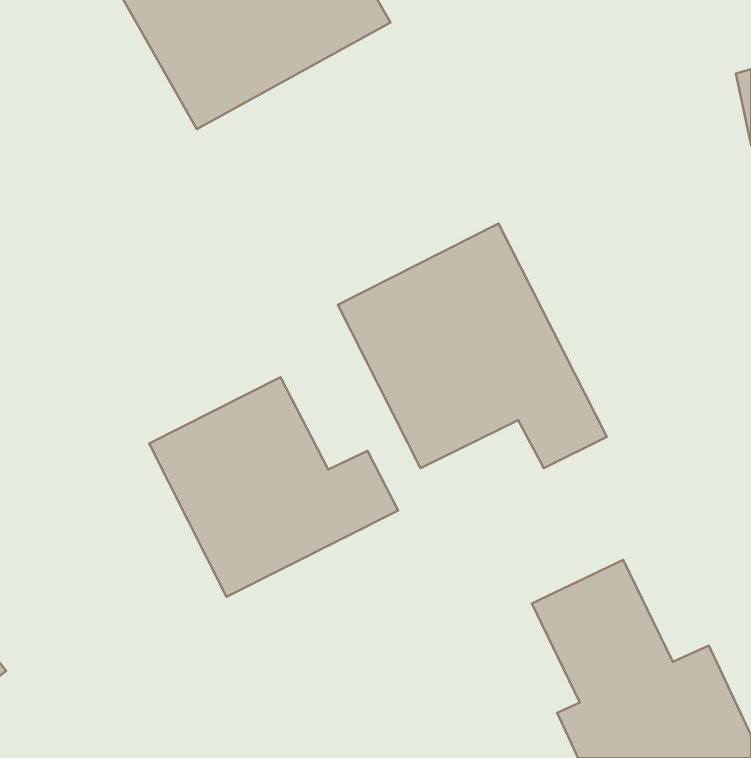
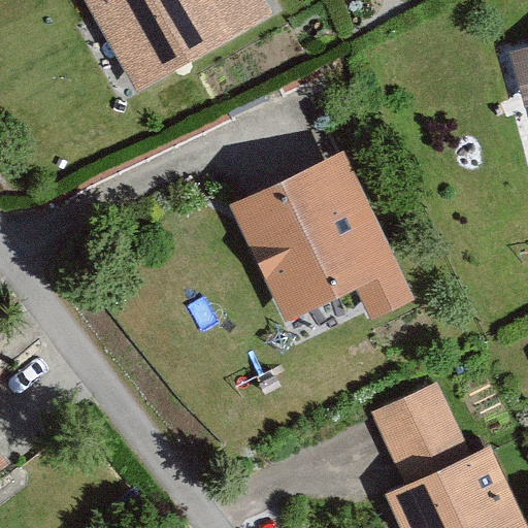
building: [149,377,398,597] -> none

